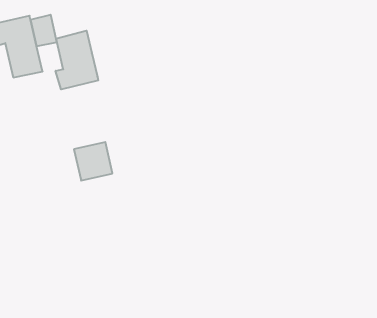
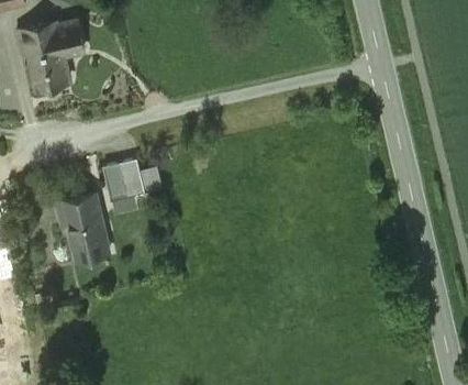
building: [56,31,98,89] -> none
building: none -> [56,197,108,263]

